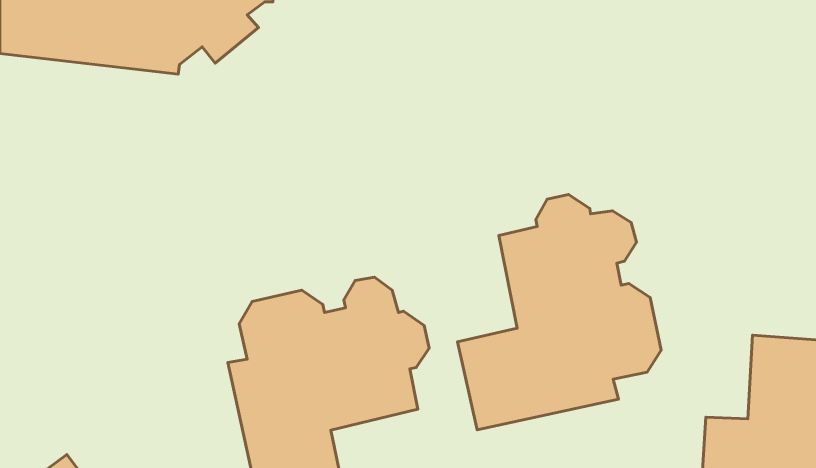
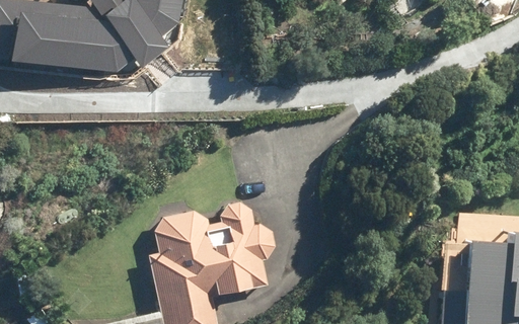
building: [457,194,661,430] -> none

